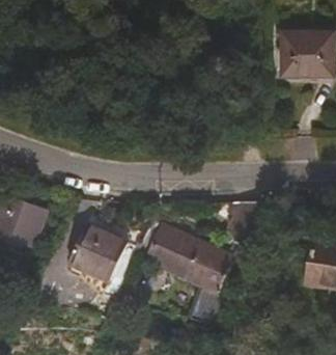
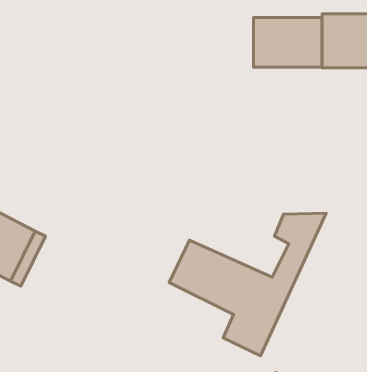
building: none -> [254,17,322,67]
building: [68,217,129,275] -> none

